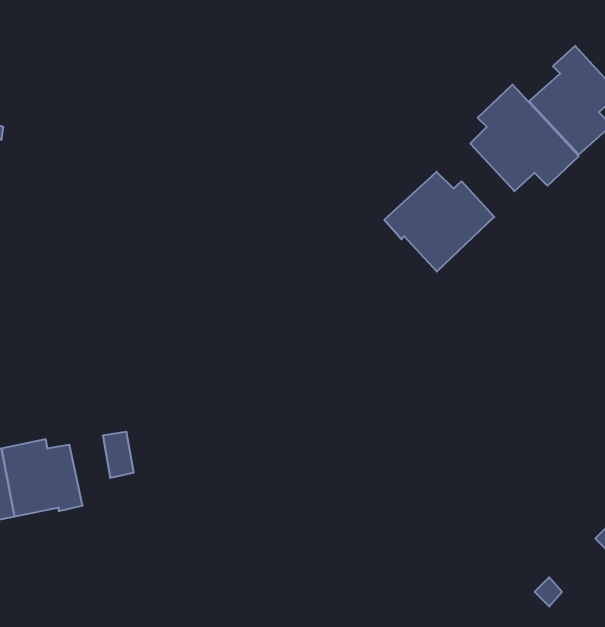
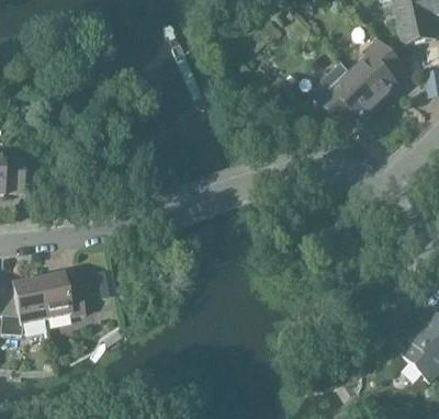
building: [384,172,494,272] -> none

